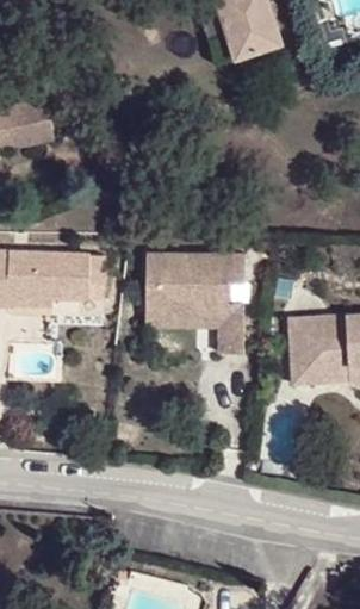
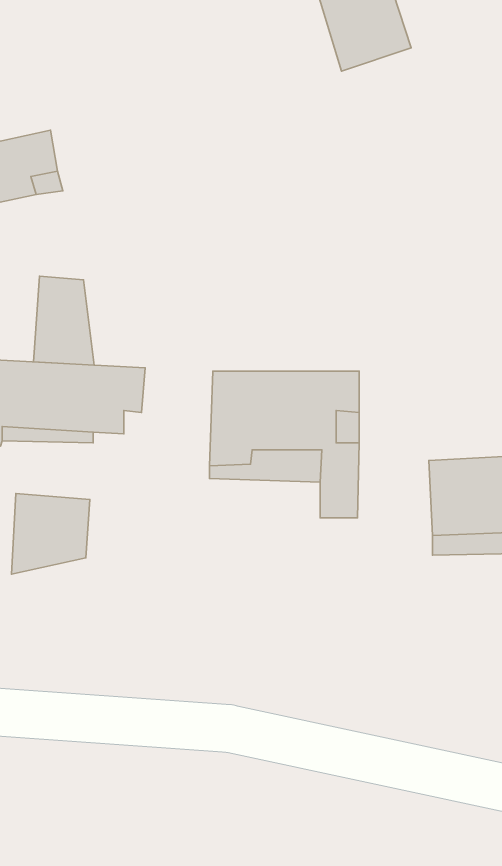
building: none -> [33,276,94,365]
building: none -> [12,493,90,574]

